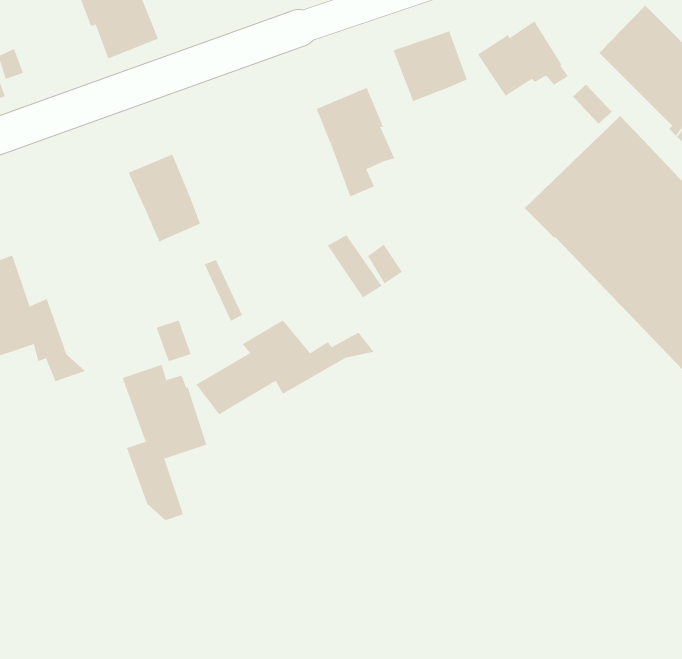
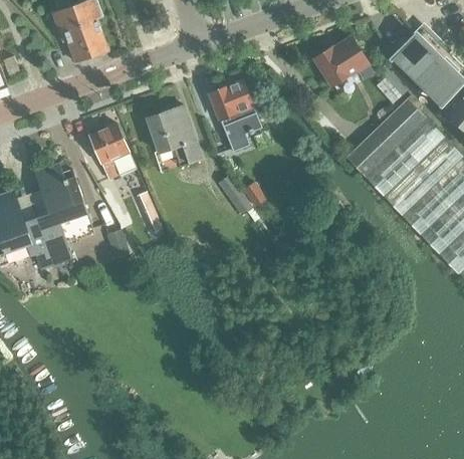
building: [393,30,468,102] -> none
building: none -> [147,105,202,167]
building: [196,320,375,415] -> none
building: [122,364,207,521] -> [33,162,88,263]

